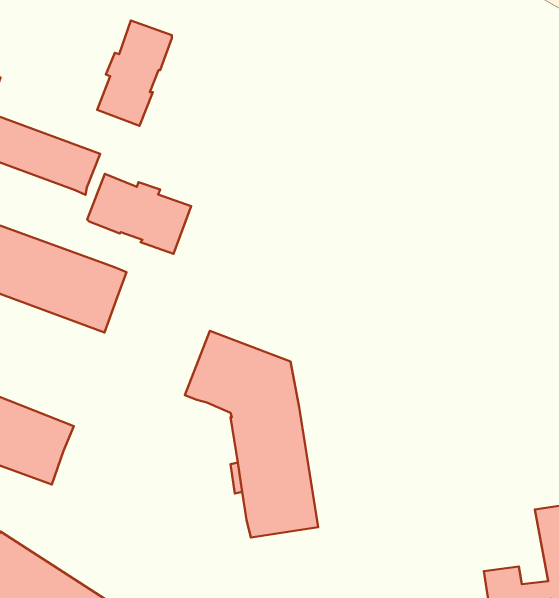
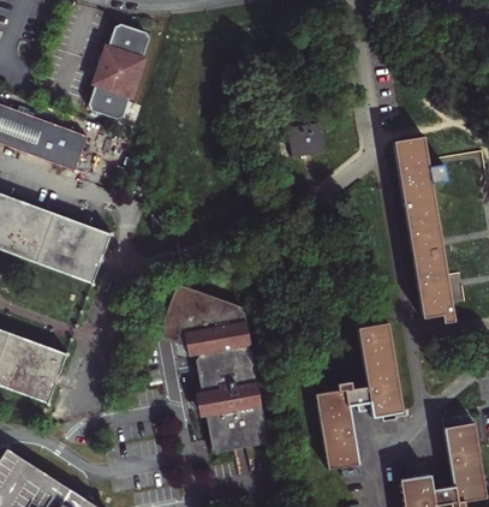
building: none -> [285,109,326,160]
building: none -> [394,127,454,322]
building: [87,174,191,254] -> none
building: none -> [317,323,401,467]

